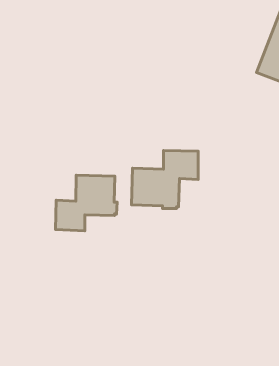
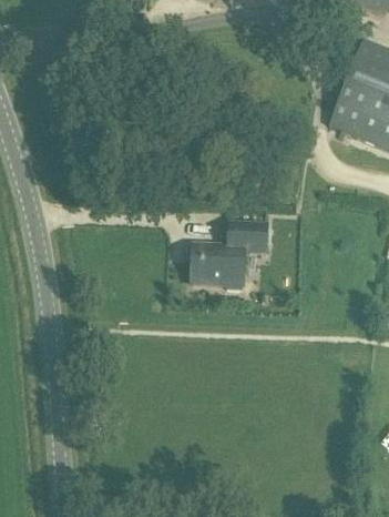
building: [55,175,117,231] -> none

